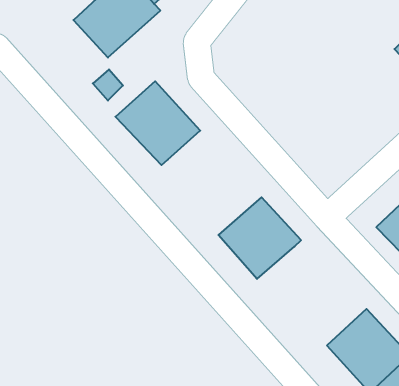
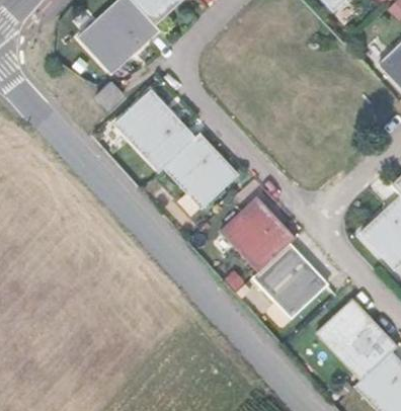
building: none -> [168,132,243,206]
building: none -> [249,247,325,322]

